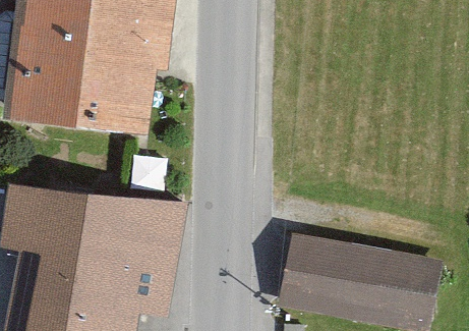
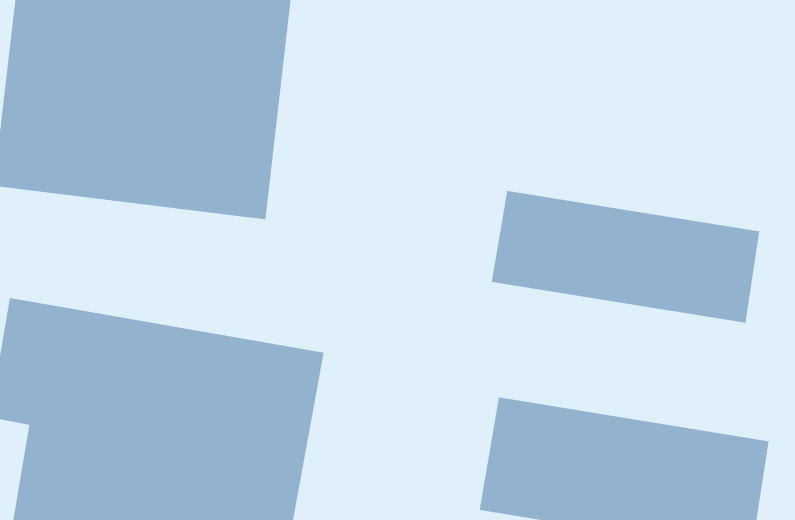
building: none -> [491,190,760,324]

